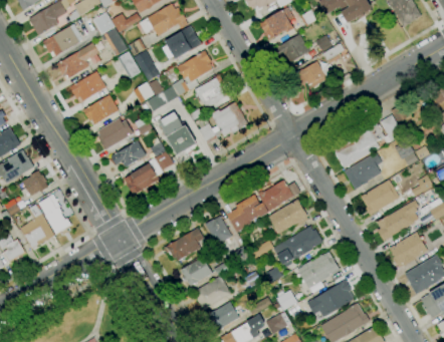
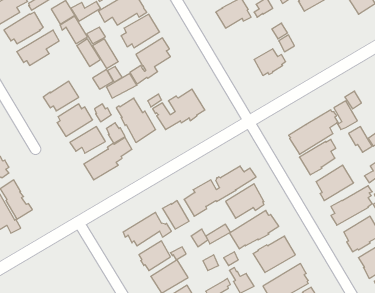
building: [281,34,310,63] -> none
building: [69,71,106,101] -> none
building: [195,74,228,109] -> none

